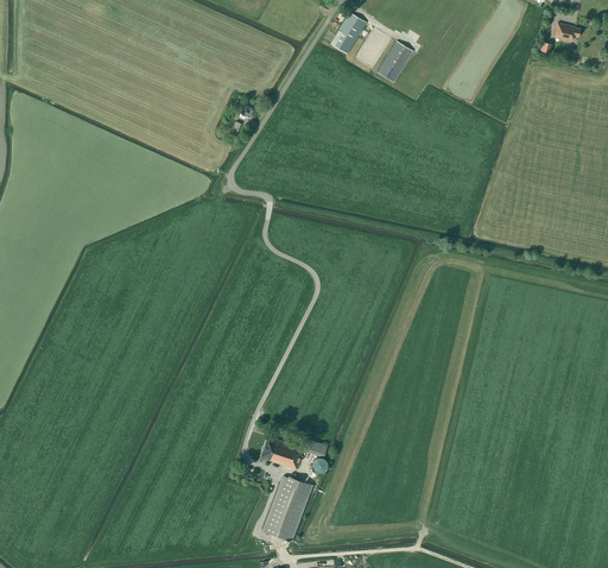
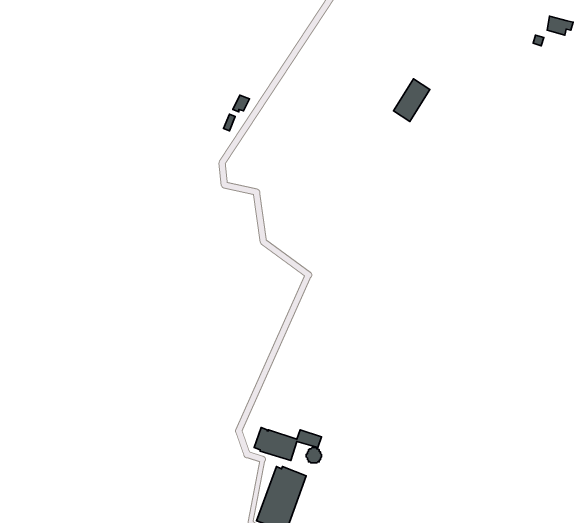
building: [330,12,366,53] -> none
building: [376,40,413,83] -> [393,79,430,121]

